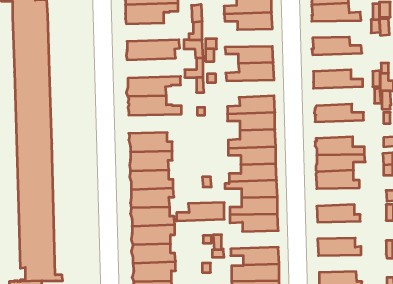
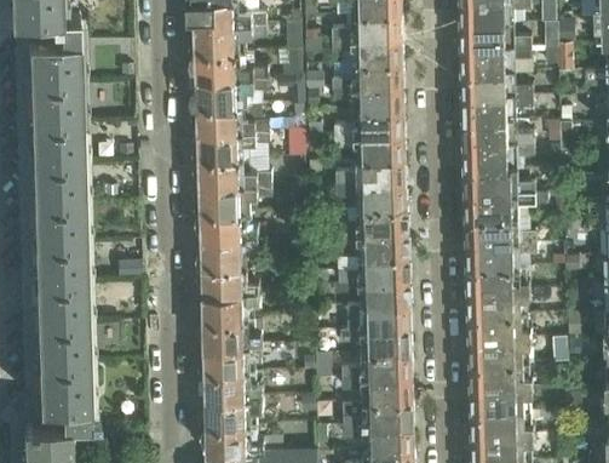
building: none -> [461,46,533,72]
building: none -> [191,50,269,76]
building: none -> [335,58,404,85]
building: none -> [463,93,534,120]
building: none -> [193,101,271,130]
building: none -> [338,132,407,158]
building: none -> [464,142,535,170]
building: none -> [195,182,272,210]
building: none -> [466,190,550,217]
building: none -> [469,288,530,315]
building: [177,203,224,221] -> [344,350,413,377]
building: none -> [470,337,532,362]
building: none -> [471,385,541,411]

